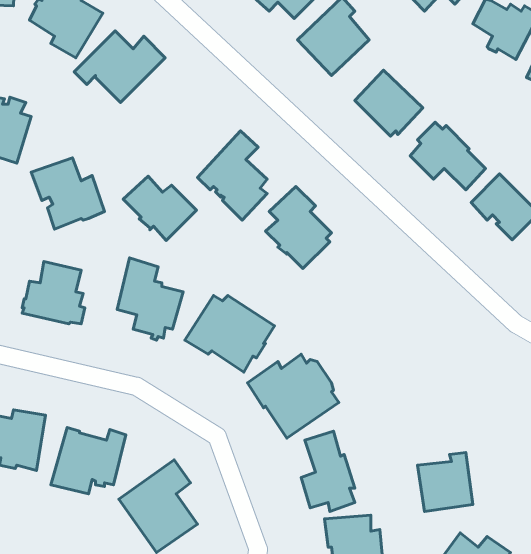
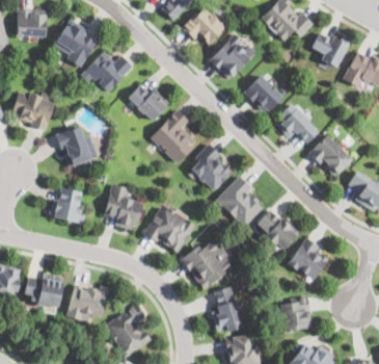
building: [123,176,196,240] -> [127,84,169,122]
building: none -> [216,175,263,227]
building: none -> [256,210,300,250]
building: none -> [288,238,328,281]

